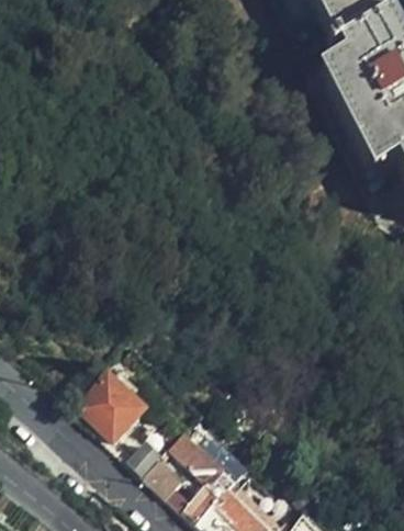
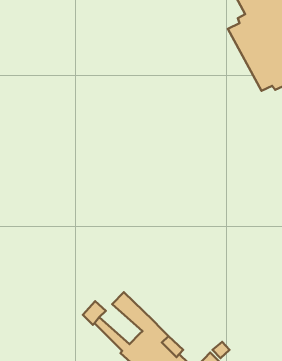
building: [81,379,143,441] -> none

